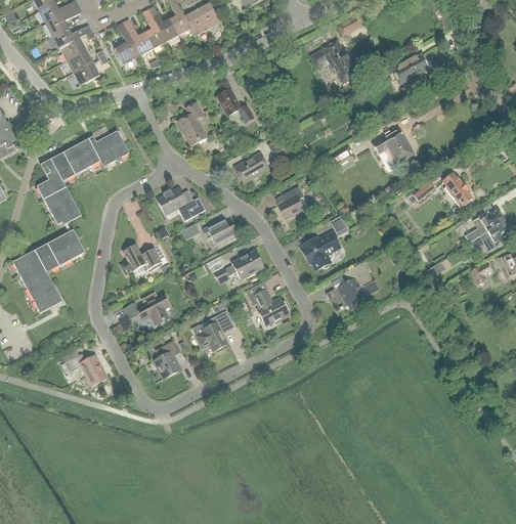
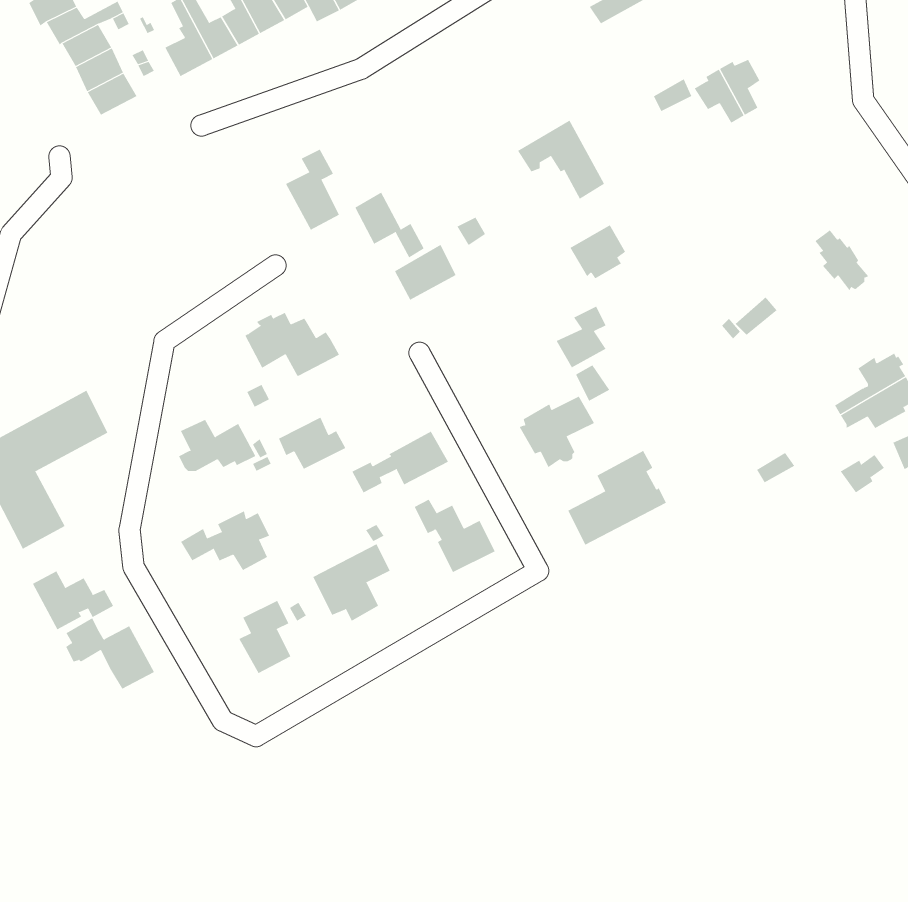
building: [308,39,354,81] -> [517,120,605,200]
building: [216,87,253,122] -> [354,192,424,258]
building: [36,124,129,224] -> none
building: [373,128,411,164] -> none
building: [443,173,472,206] -> [815,229,869,292]
building: [276,185,303,218] -> [556,306,606,368]
building: [202,217,238,245] -> [278,417,346,470]
building: none -> [32,570,114,630]

